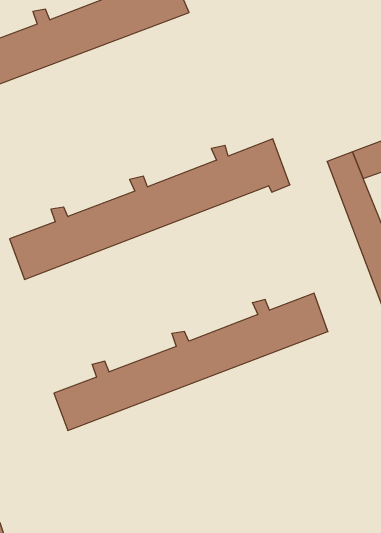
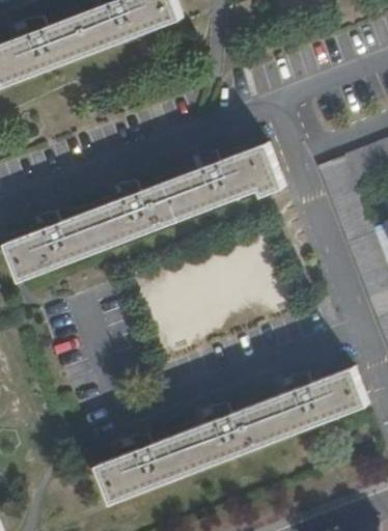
building: [54,293,328,430] -> [100,364,367,498]

